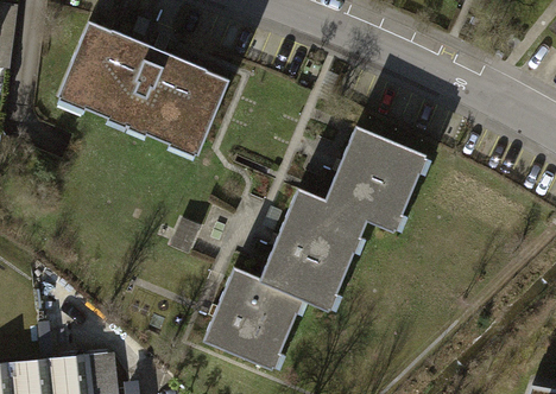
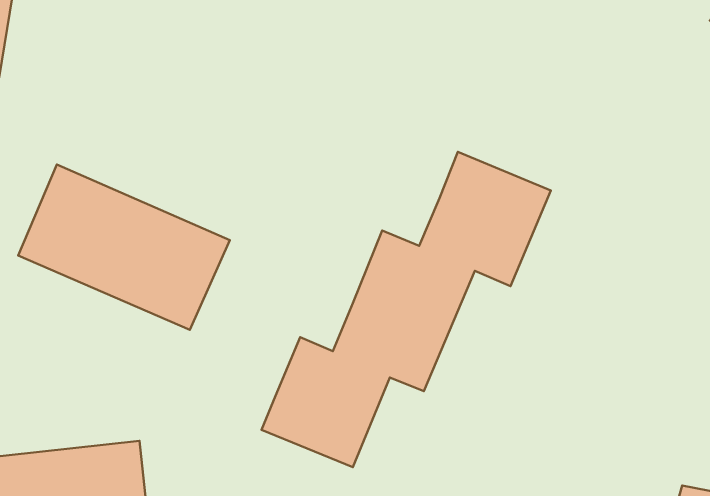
building: [62,30,225,157] -> [18,164,230,330]

